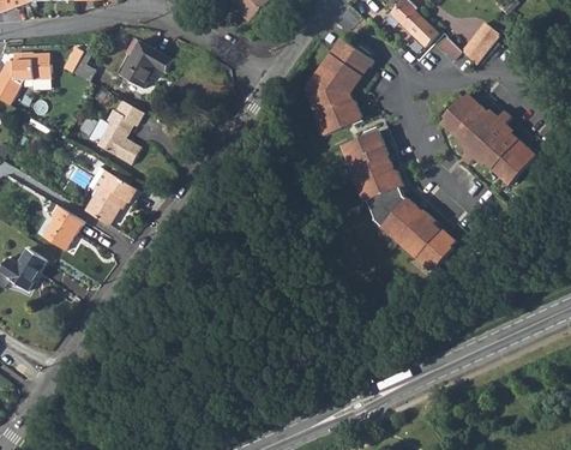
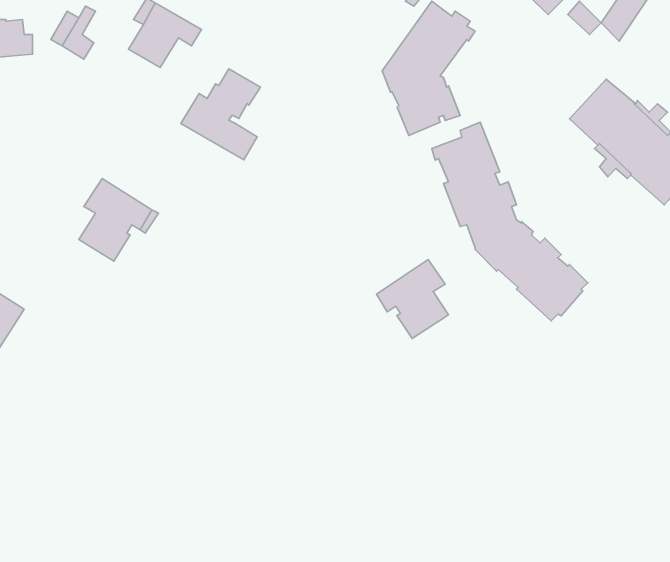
building: [89,98,146,164] -> [181,69,260,160]
building: [37,205,83,250] -> none
building: none -> [376,260,448,339]

